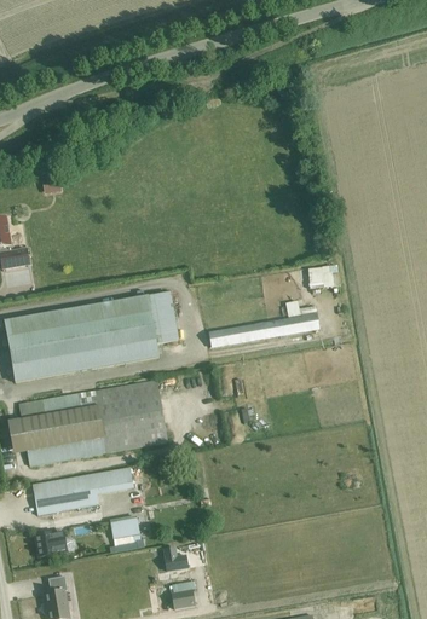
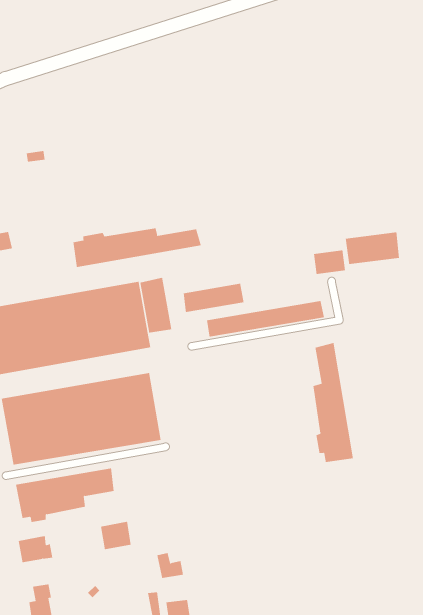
building: none -> [73,228,202,268]
building: none -> [345,232,399,265]
building: none -> [183,283,244,313]
building: none -> [313,342,353,463]

